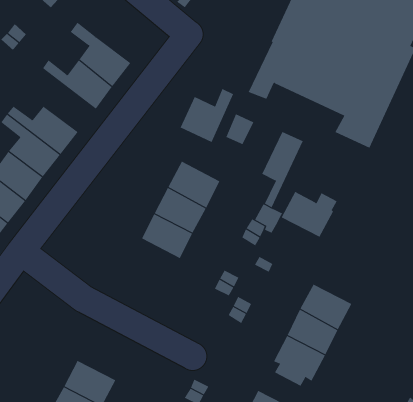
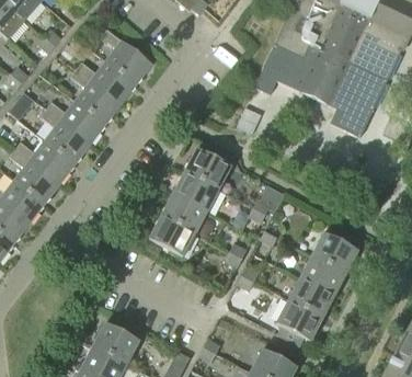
building: none -> [69,67,122,123]
building: [180,88,234,143] -> none
building: [261,131,303,208] -> none
building: [281,191,337,238] -> [311,232,360,273]
building: none -> [149,216,195,256]

